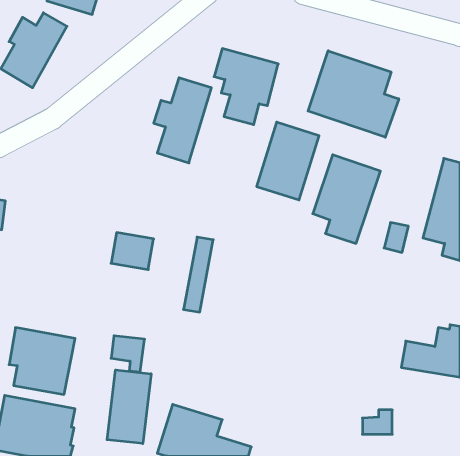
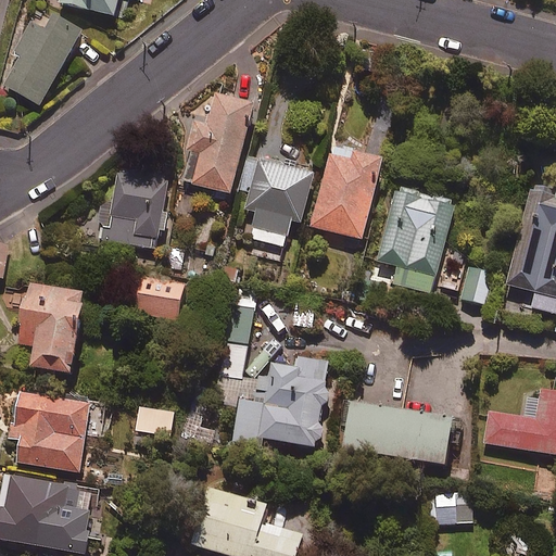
building: [214,49,278,125] -> [236,154,313,245]
building: [308,51,399,137] -> none
building: none -> [98,167,168,248]
building: none -> [17,283,83,379]
building: none -> [231,357,327,446]
building: none -> [343,397,456,465]
building: [107,370,151,444] -> none

